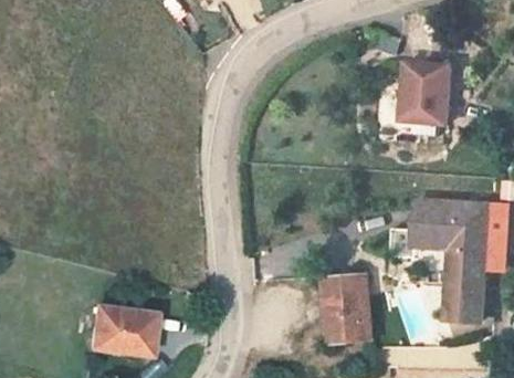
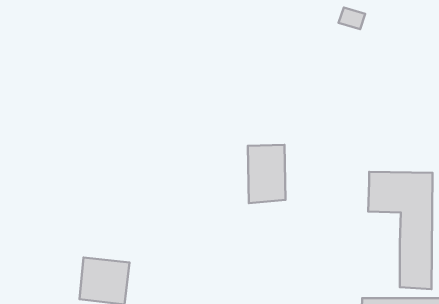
building: [389,75,439,135] -> none
building: [326,279,367,342] -> [248,145,286,203]

